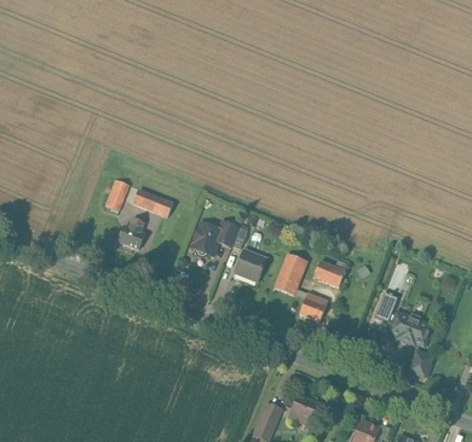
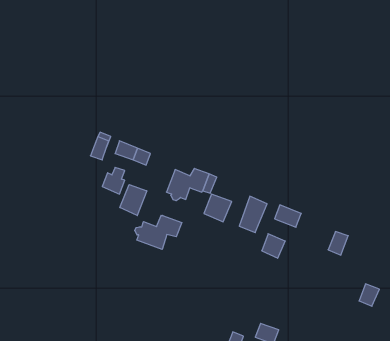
building: none -> [120,185,147,216]
building: none -> [135,215,182,249]
building: [392,310,432,343] -> none

